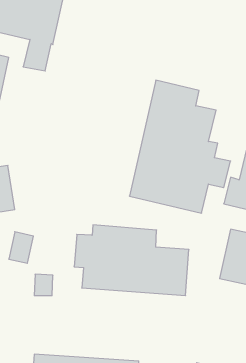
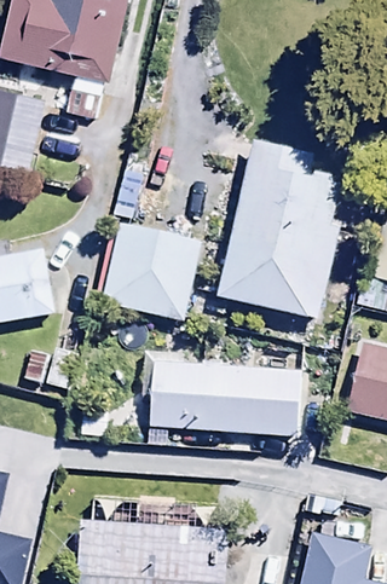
building: none -> [96,196,202,319]

